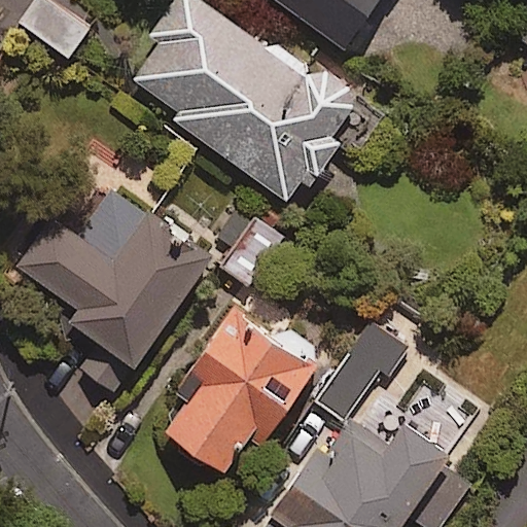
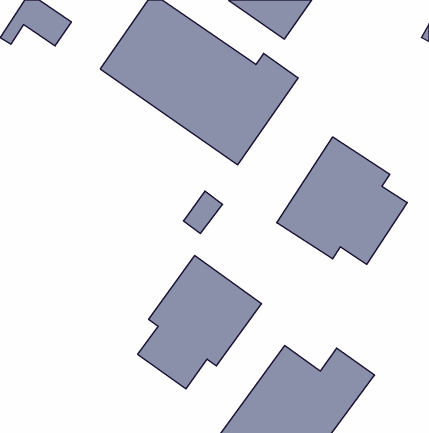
building: none -> [277,137,407,264]
building: [17,190,210,366] -> none
building: [314,323,405,421] -> none

